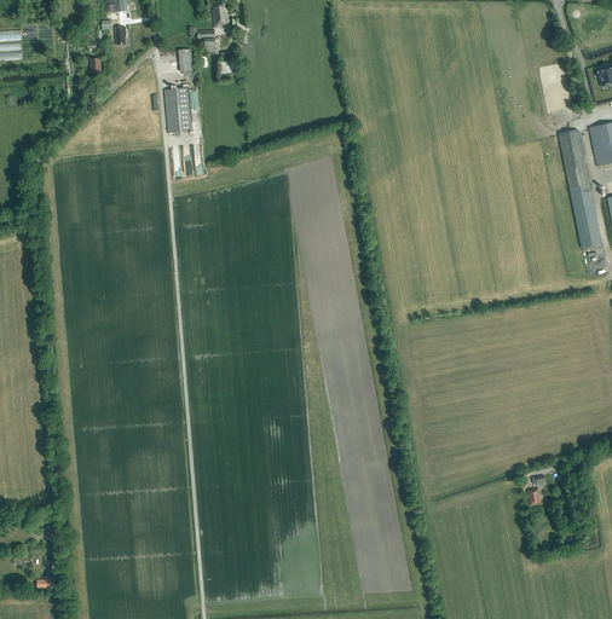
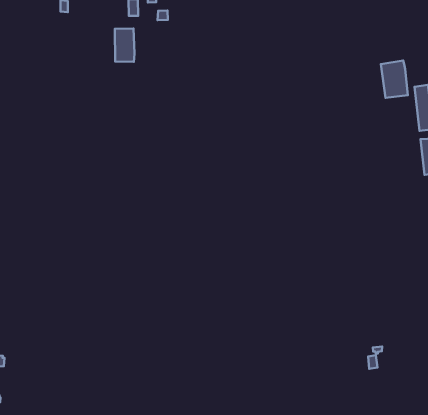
building: none -> [381,61,408,98]

